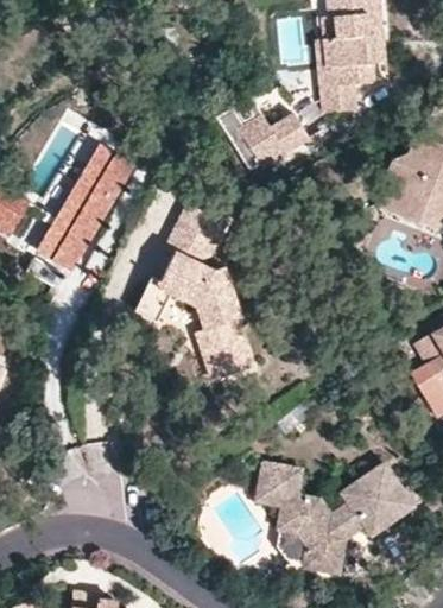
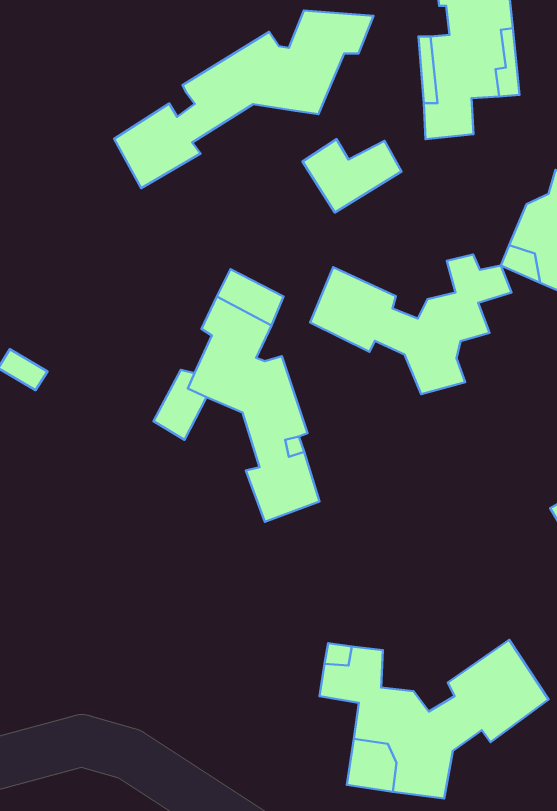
building: none -> [114,10,374,188]
building: [38,150,131,272] -> none
building: none -> [310,254,512,394]

